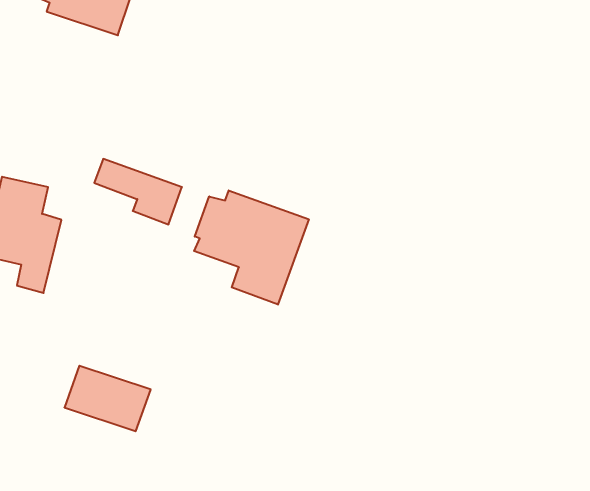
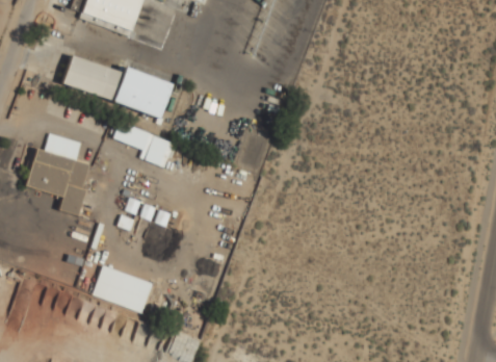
building: none -> [62,55,171,117]
building: [194,190,309,305] -> none

